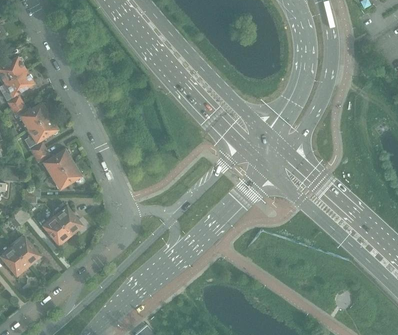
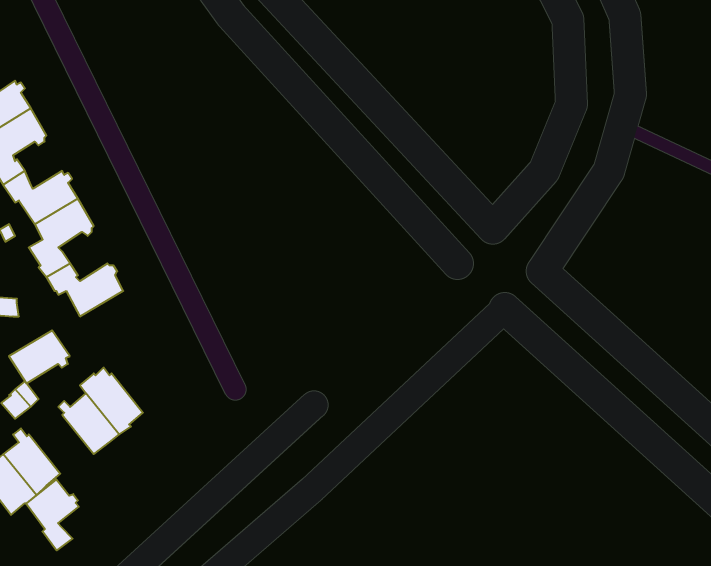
building: [50,162,81,189] -> [9,330,70,384]
building: none -> [26,479,79,550]

